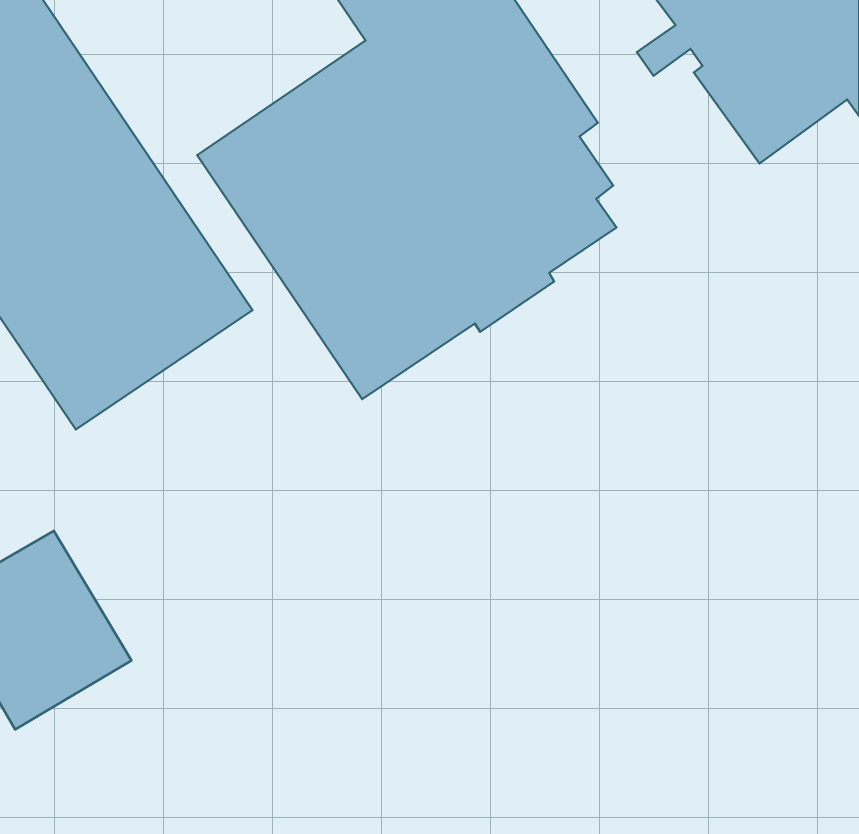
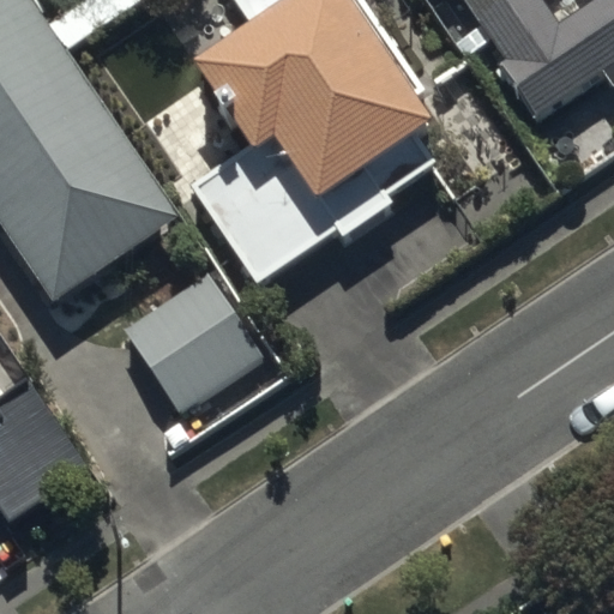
building: none -> [126,271,261,409]

